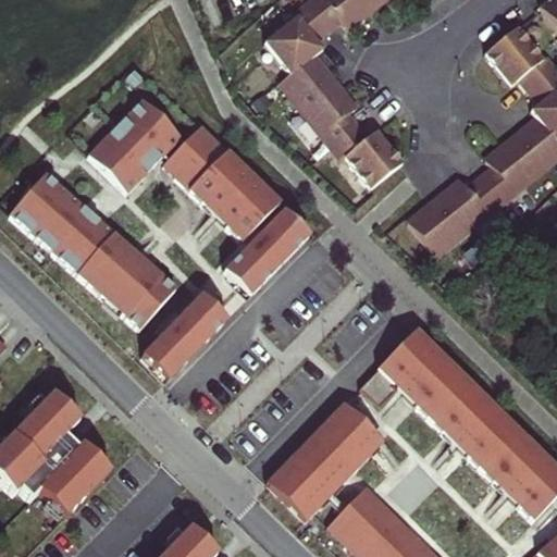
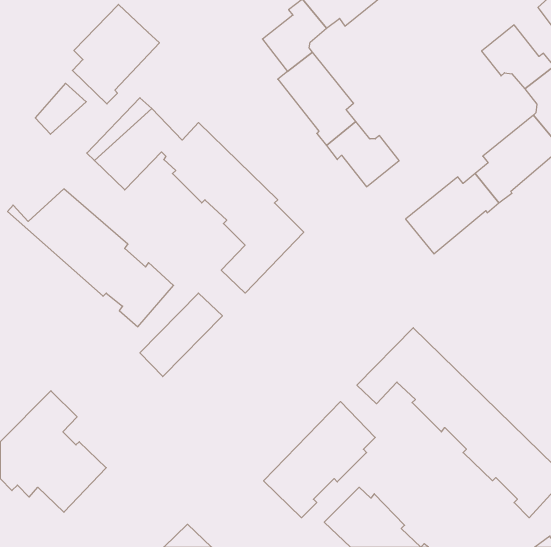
building: none -> [72,4,159,104]
building: [16,171,67,222] -> [35,83,86,134]

